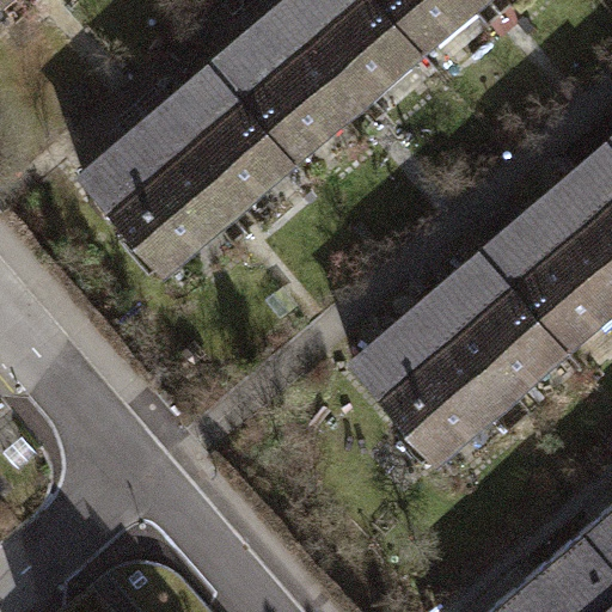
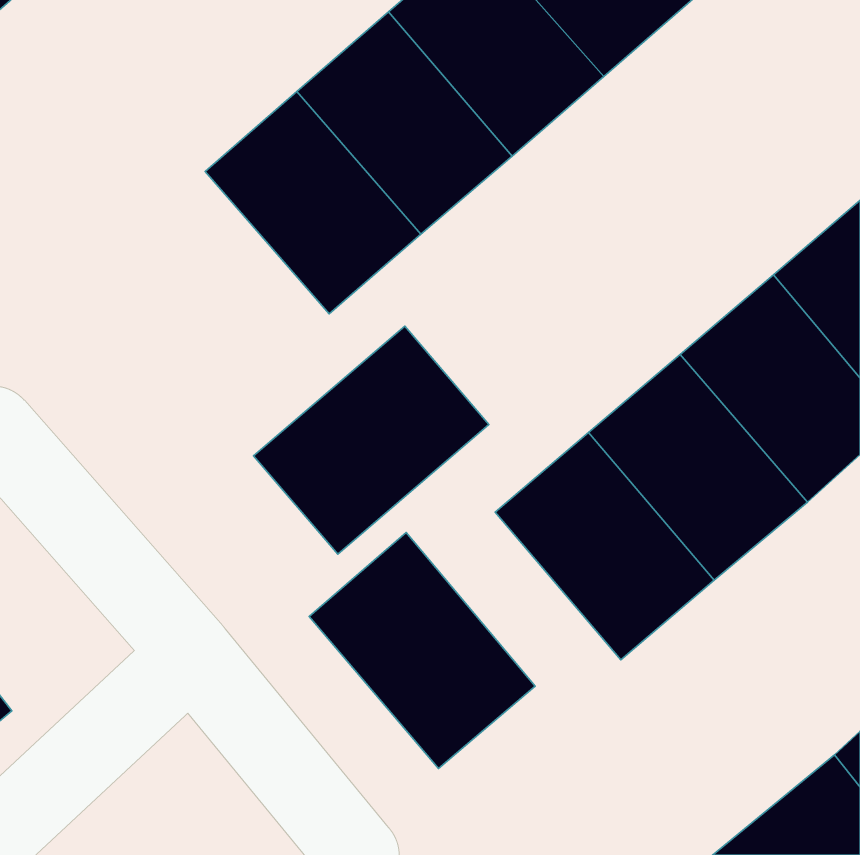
building: [80,121,232,277] -> none
building: none -> [254,326,489,554]
building: none -> [309,532,535,768]

